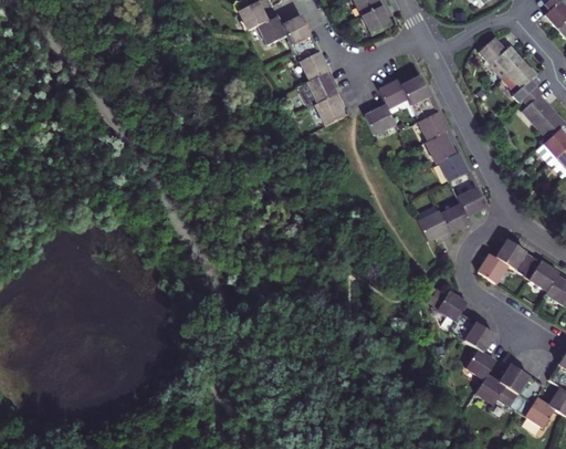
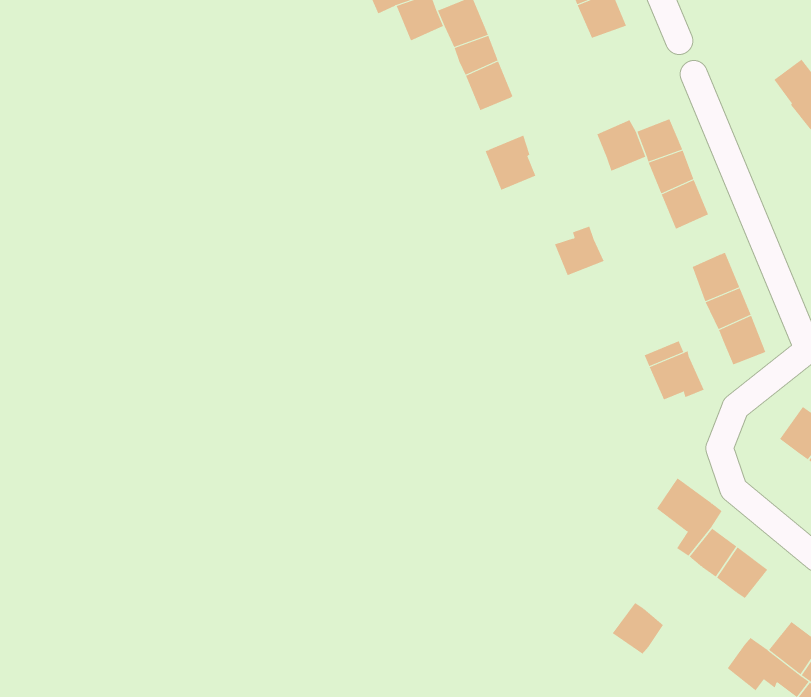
building: [297,71,336,106] -> none
building: [365,102,395,132] -> [554,226,605,276]
building: [424,130,455,163] -> none
building: [441,203,469,232] -> none
building: [479,253,509,283] -> none
building: [465,348,495,378] -> [612,602,664,654]

